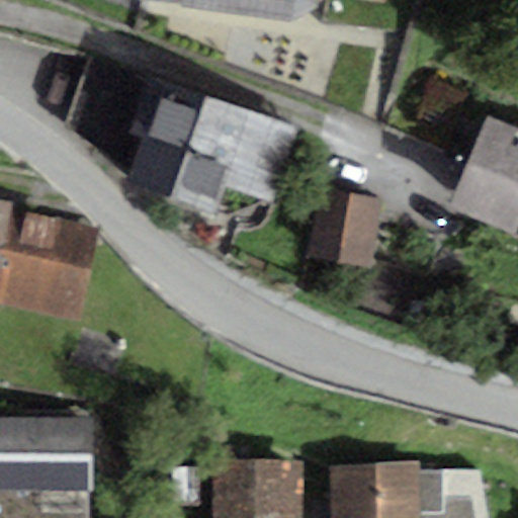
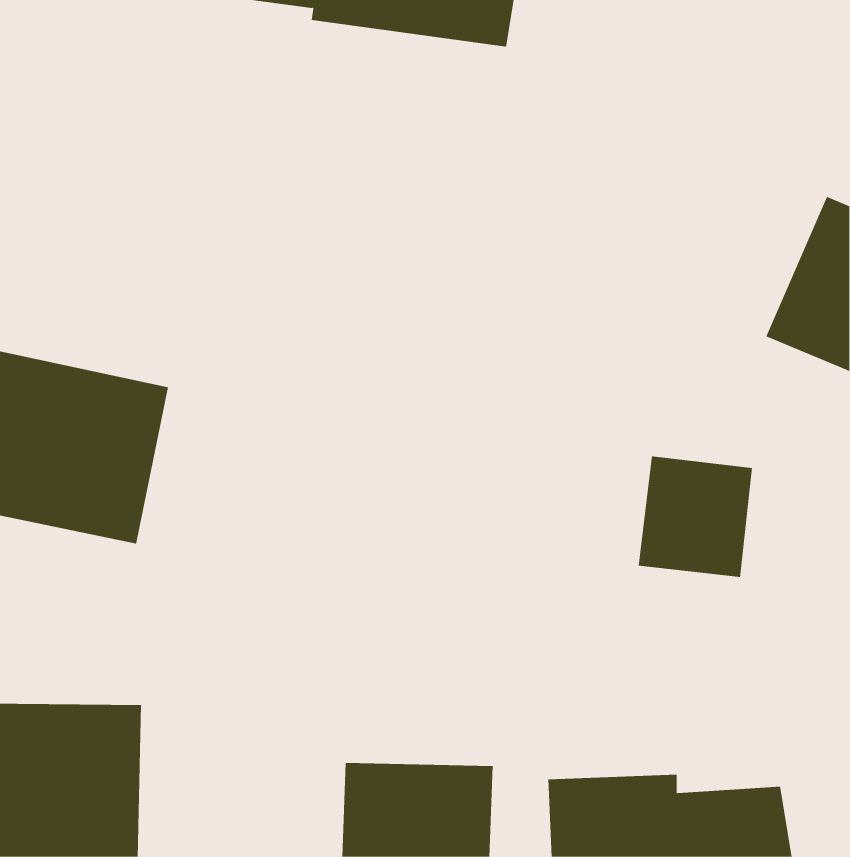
building: [127,85,300,209] -> none
building: [316,194,384,267] -> [638,456,753,578]

